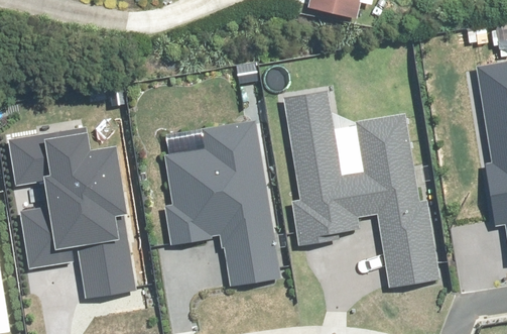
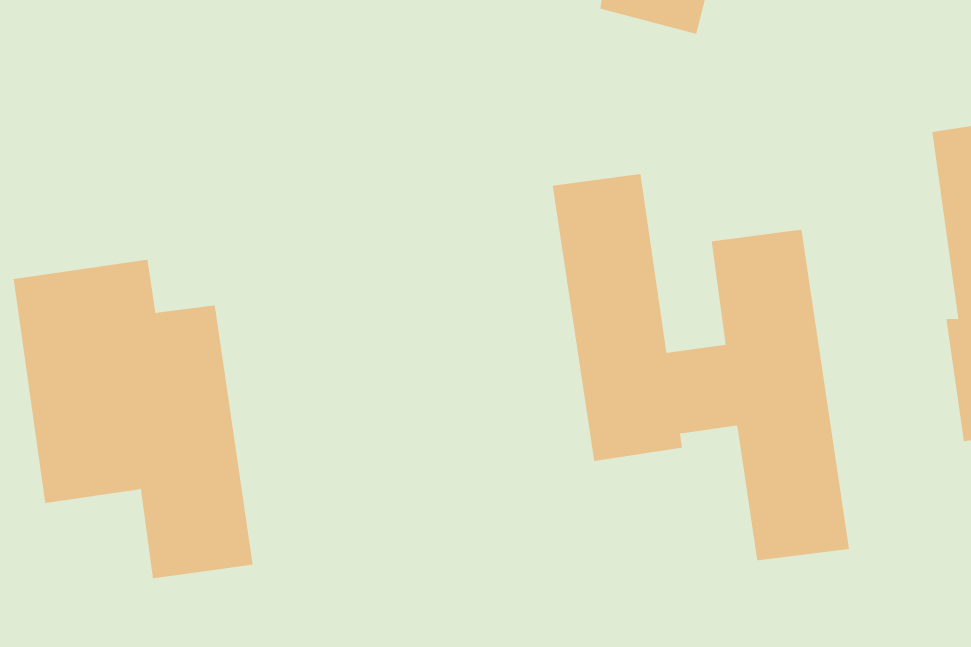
building: [165,122,275,284] -> none

